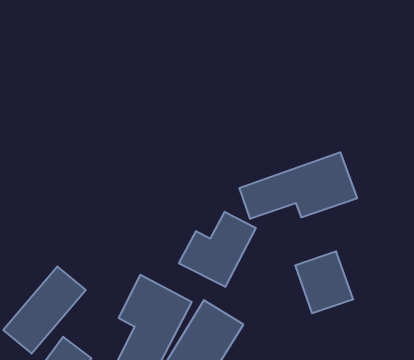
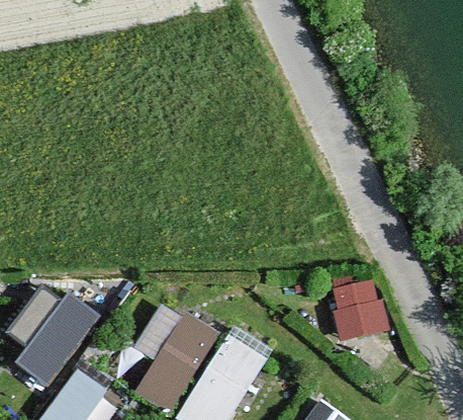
building: [239,152,357,219] -> none
building: [179,212,256,287] -> none

